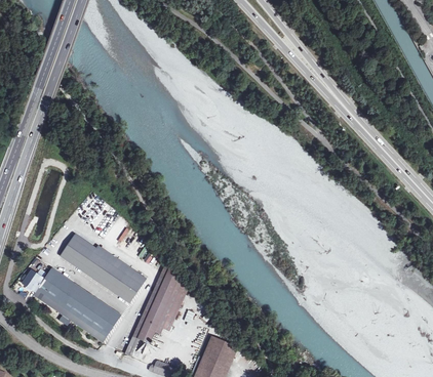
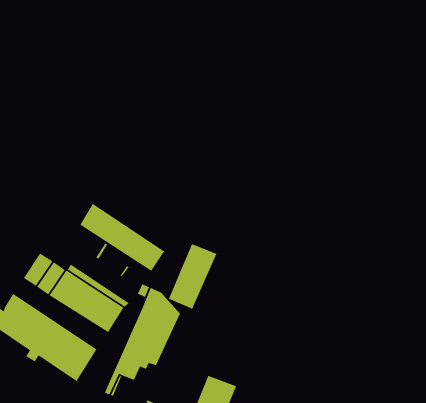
building: none -> [79,203,166,272]
building: none -> [168,243,217,310]

